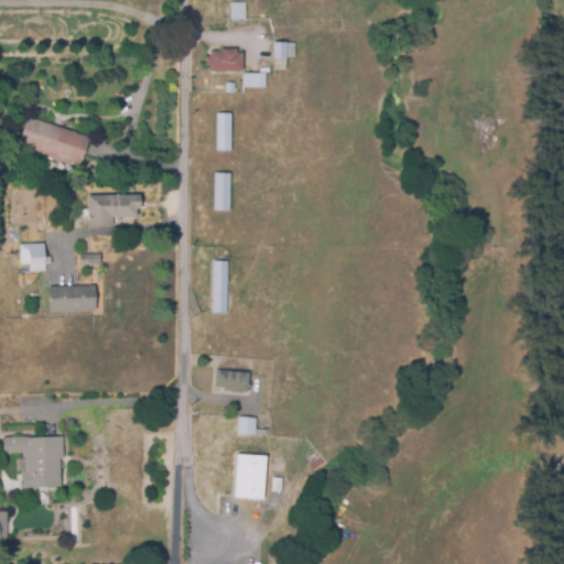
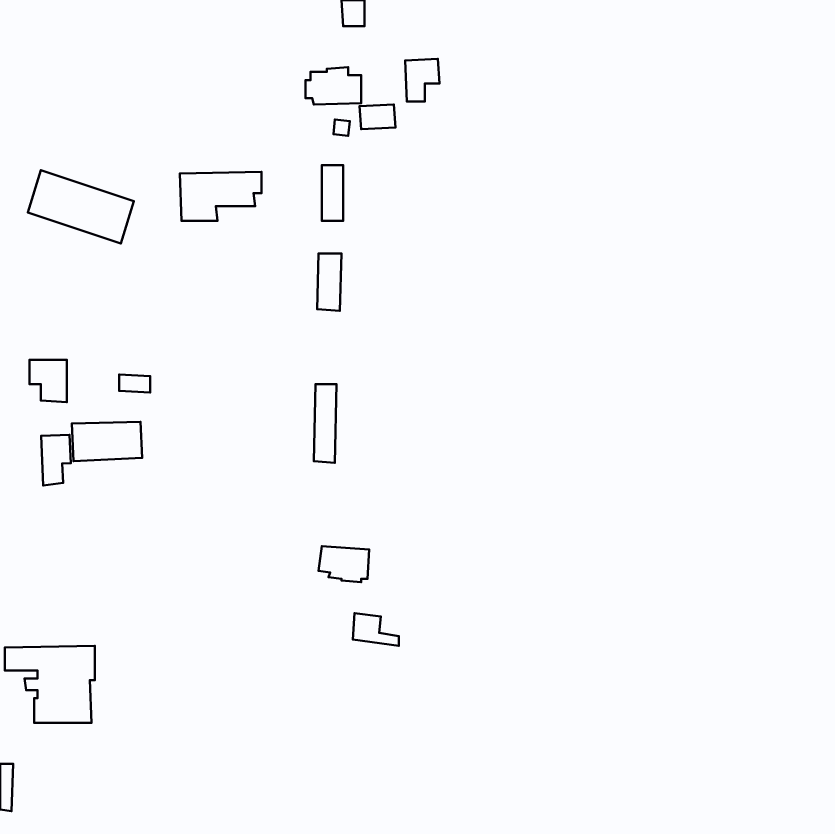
building: [87,194,142,227] -> [180,172,262,221]
building: none -> [41,435,71,485]
building: [234,456,268,502] -> none

